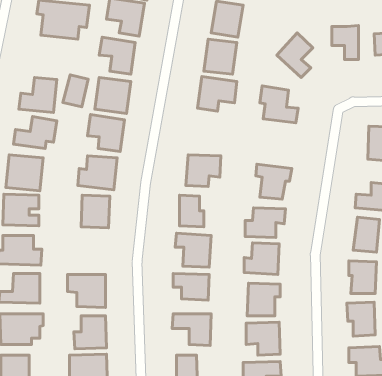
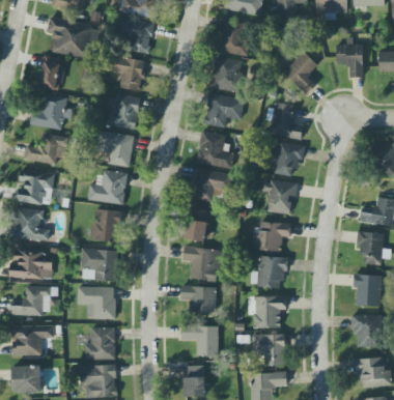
building: [63,75,88,107] -> [37,59,62,90]
building: none -> [196,132,232,168]
building: none -> [275,142,303,176]
building: none -> [82,249,116,280]

